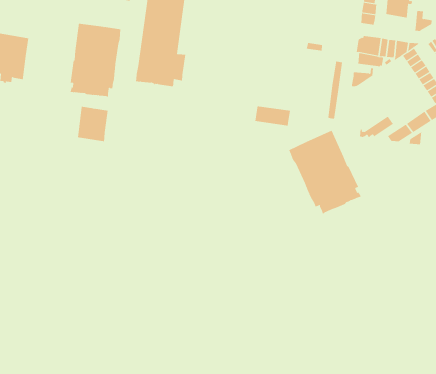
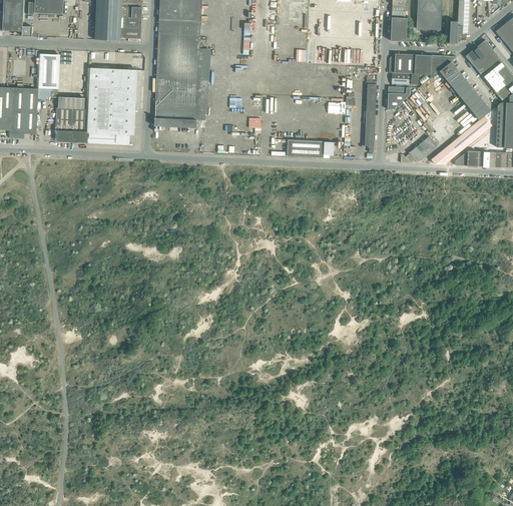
building: none -> [36,53,58,88]
building: [77,106,109,142] -> [54,106,85,142]
building: [288,130,362,215] -> none

